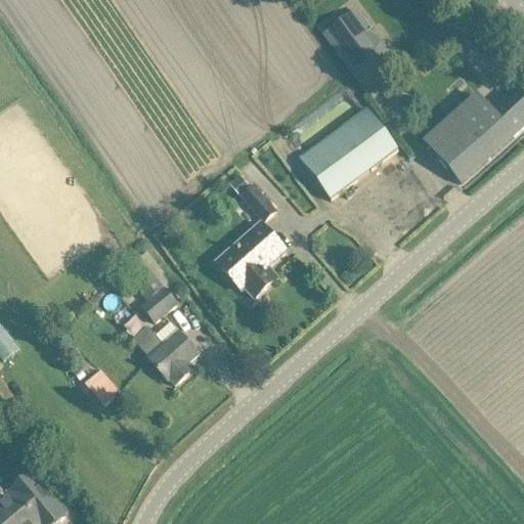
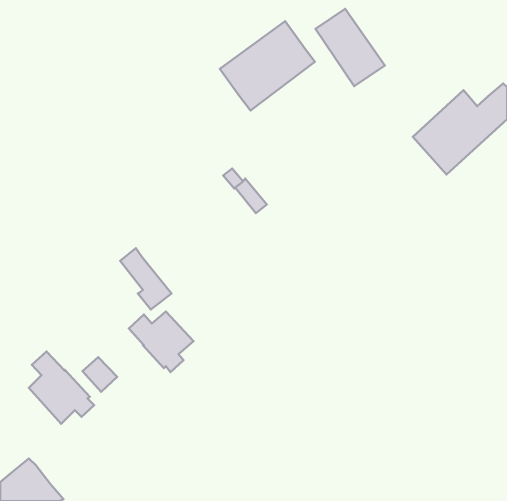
building: [300,106,398,199] -> [220,21,315,111]
building: [221,226,287,297] -> none
building: none -> [29,351,94,424]

